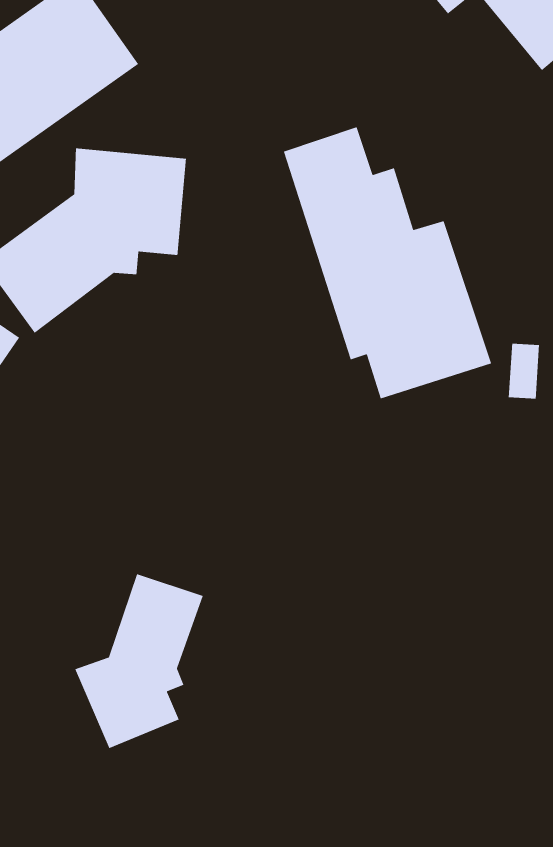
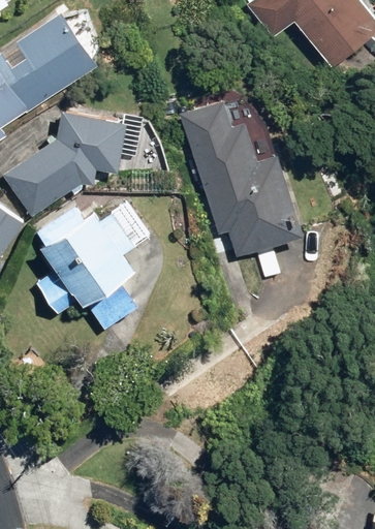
building: none -> [36,198,152,330]
building: [74,573,204,749] -> none

